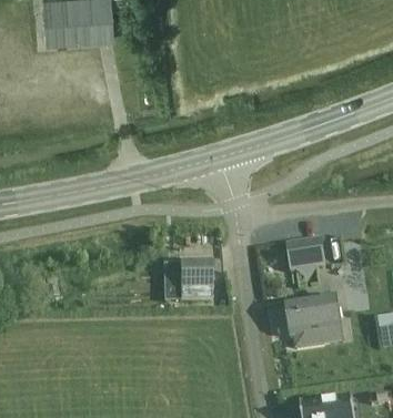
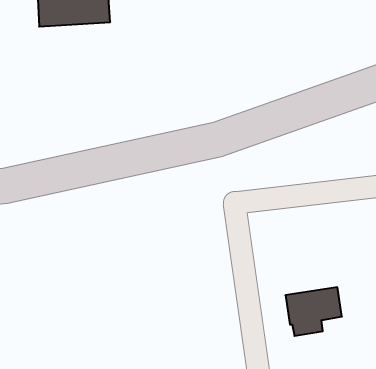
building: [286,238,324,271] -> none
building: [178,259,212,300] -> none

